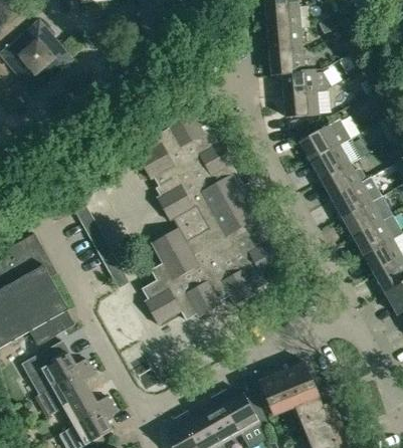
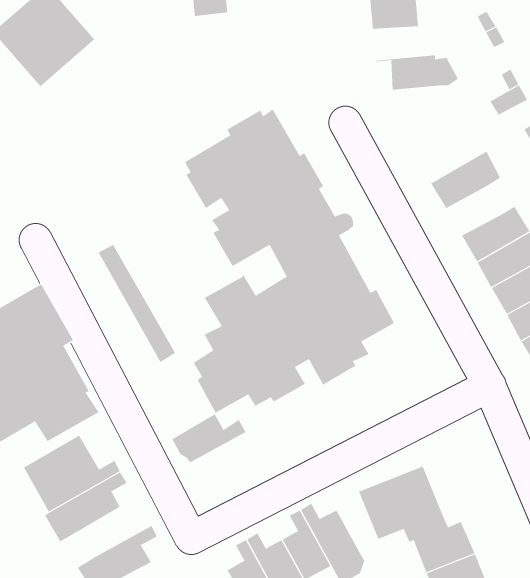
building: [269,50,315,74] -> none
building: [283,92,319,118] -> none
building: [299,119,351,162] -> none
building: [322,165,364,199] -> none
building: [59,392,113,427] -> [171,414,246,463]

